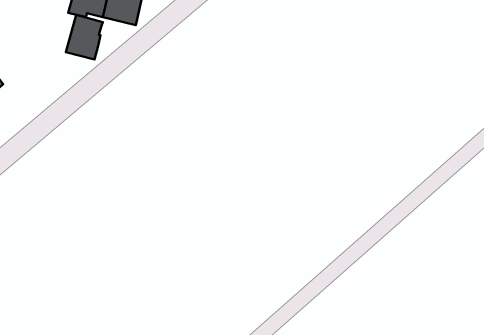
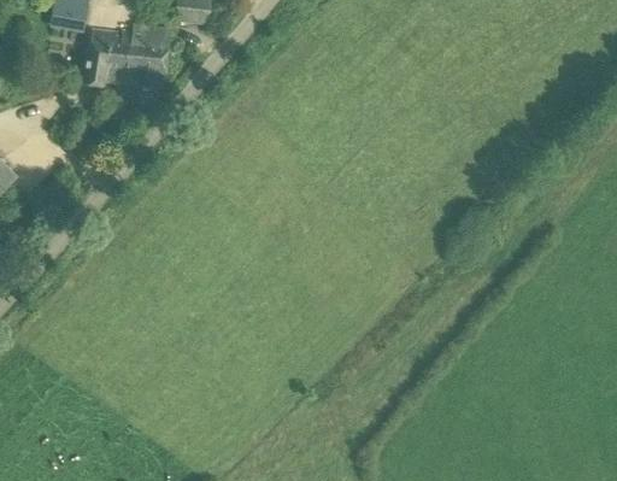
building: [66,15,103,59] -> none

